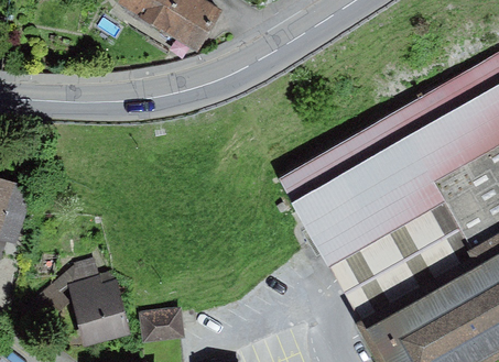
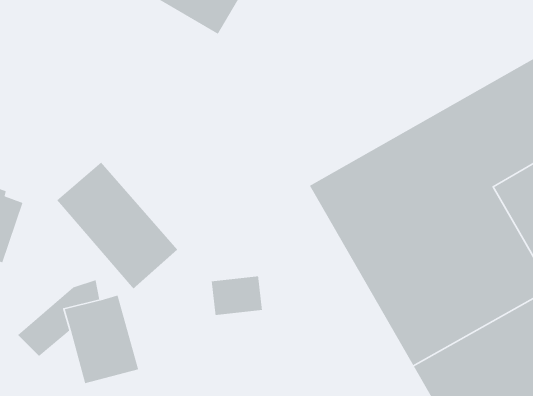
building: none -> [56,161,178,290]
building: [140,309,184,343] -> [211,276,263,316]

